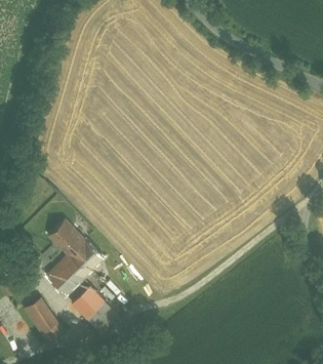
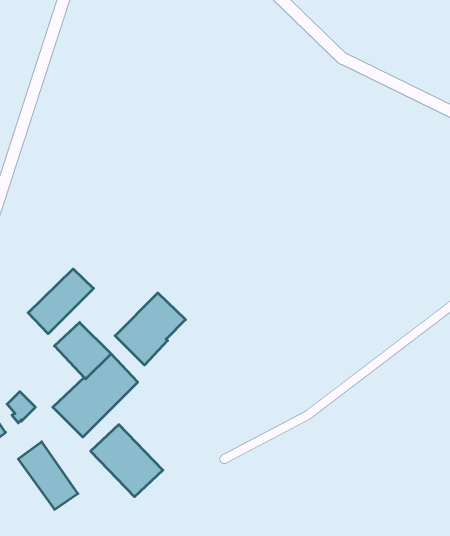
building: none -> [28,269,94,334]
building: none -> [115,293,186,365]

